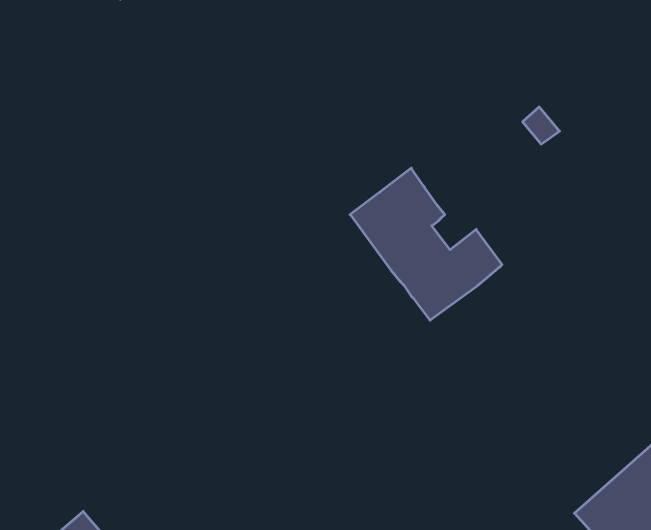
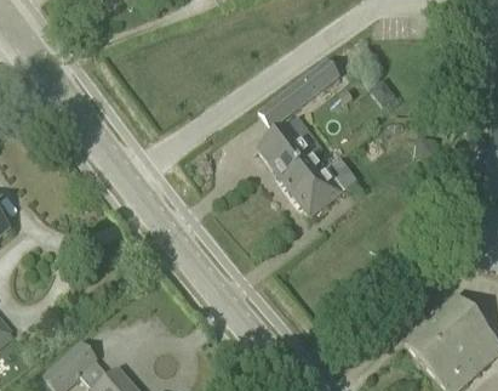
building: none -> [257,60,336,128]

